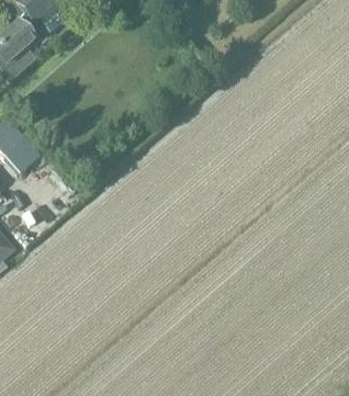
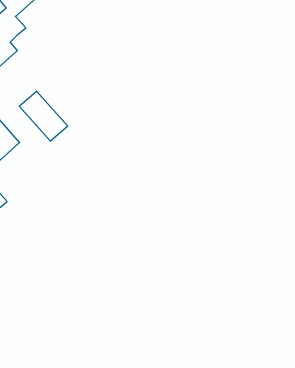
building: none -> [19,91,68,141]

